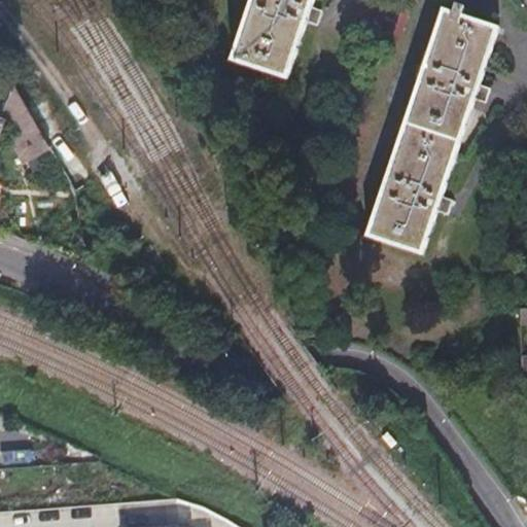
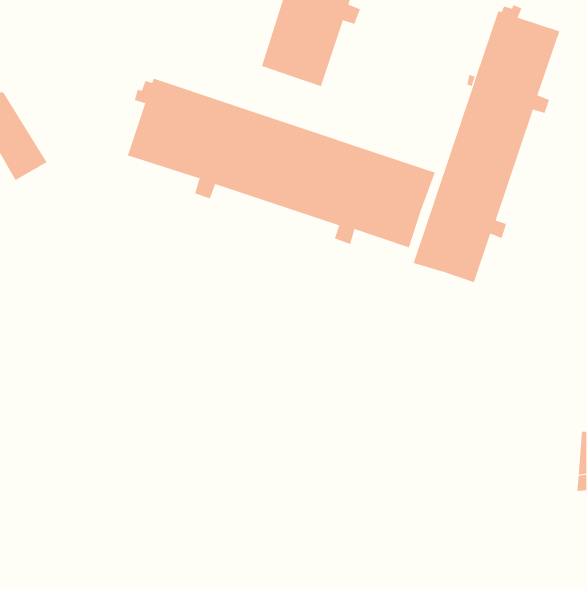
building: none -> [127,78,435,248]

